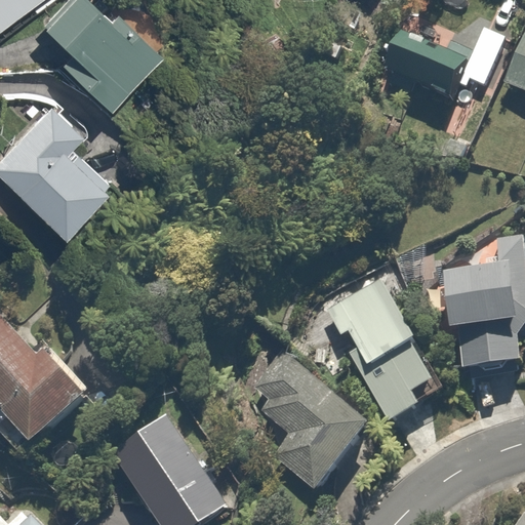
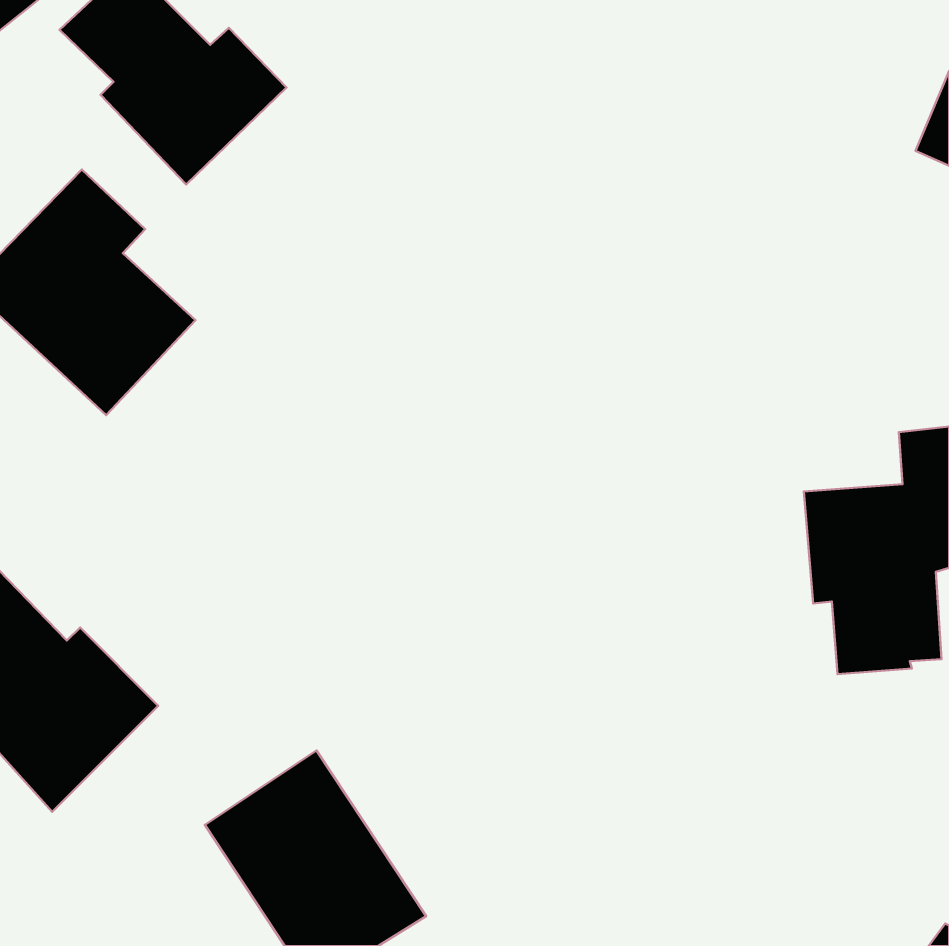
building: [379,11,506,107] -> none
building: [327,278,442,425] -> none
building: [250,352,367,491] -> none

